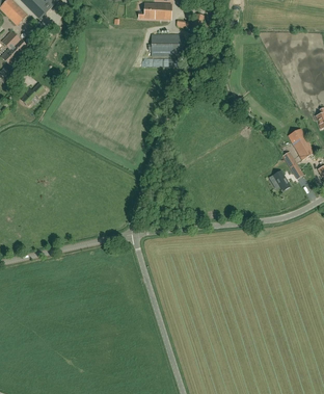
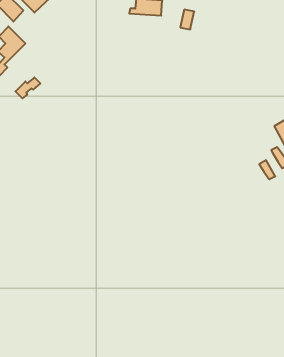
building: [147,34,182,56] -> none

